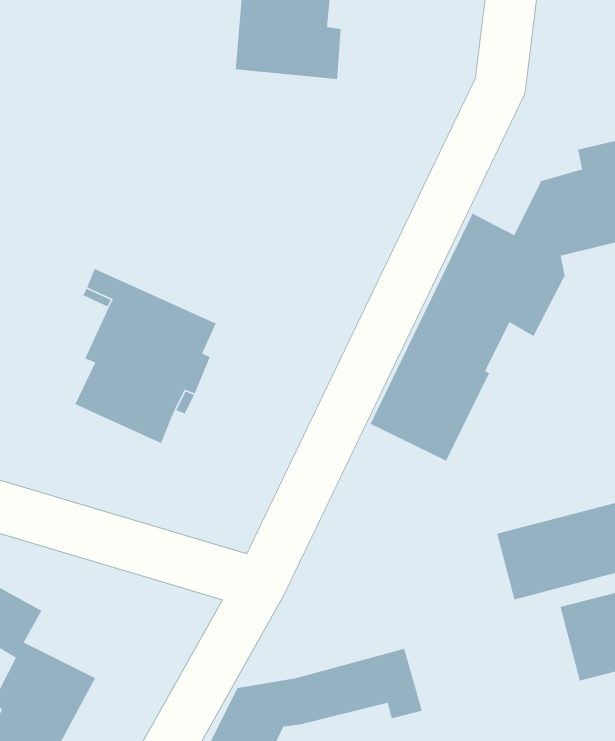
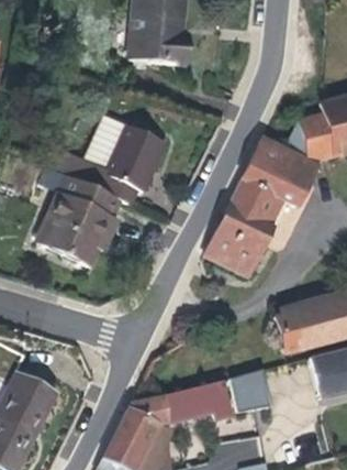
building: none -> [63,111,166,204]
building: none -> [231,368,275,412]

